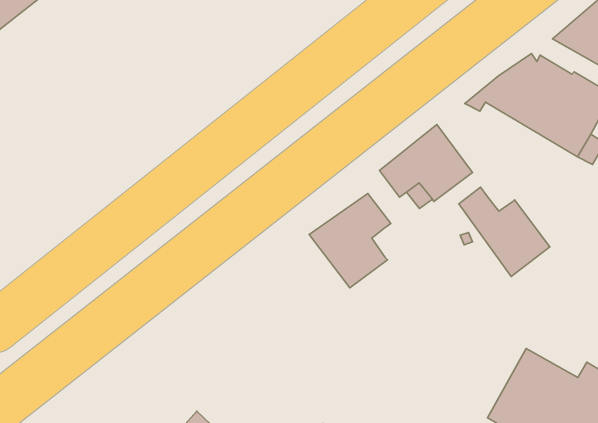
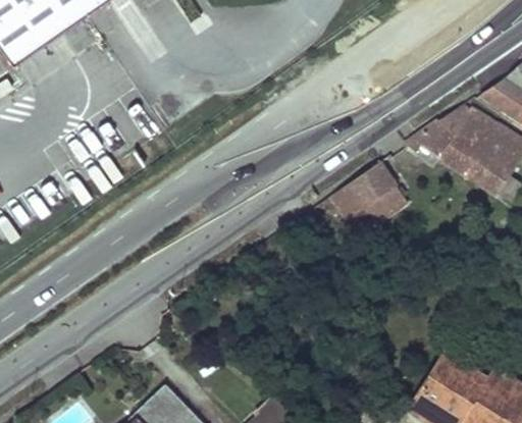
building: [459,187,550,277] -> none
building: [309,194,391,288] -> none

